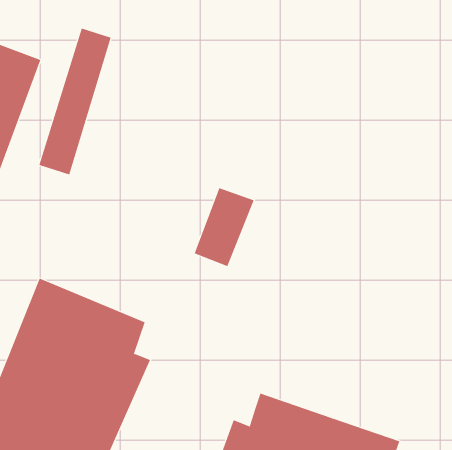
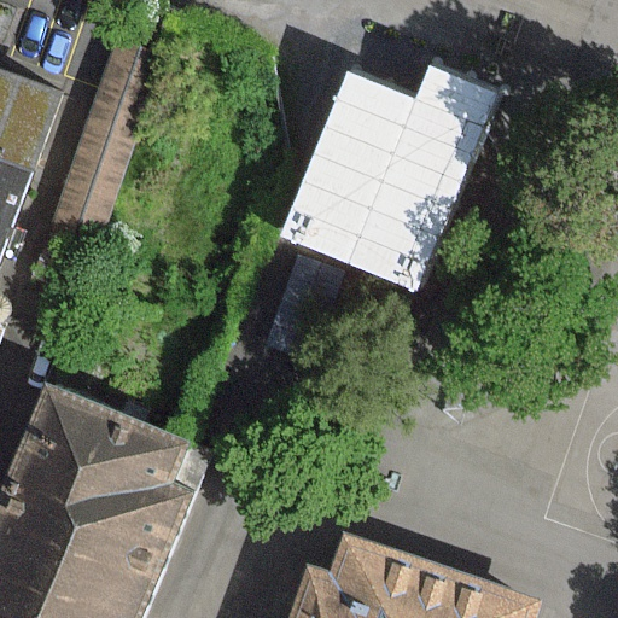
building: none -> [279,59,488,284]

